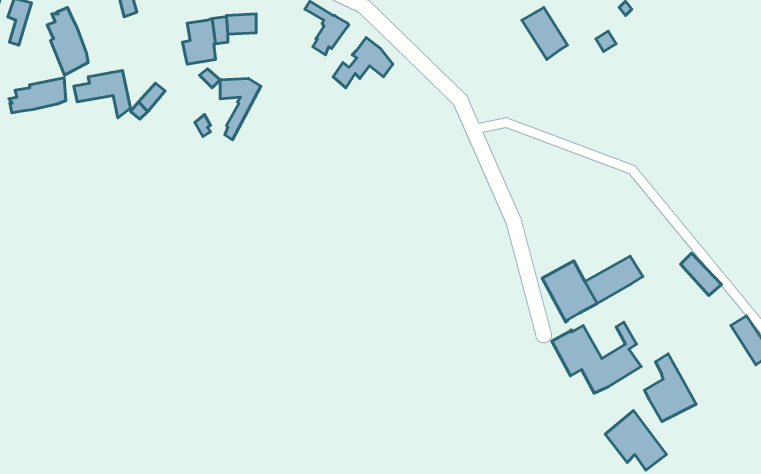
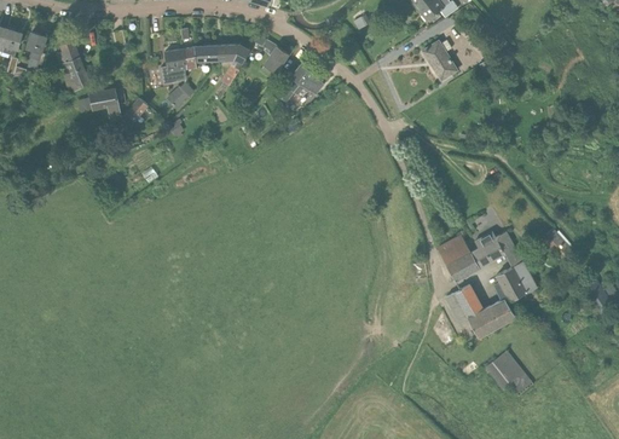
building: [9,78,66,113] -> none
building: [220,78,261,140] -> [218,44,249,91]
building: [644,354,696,421] -> [497,247,537,299]

